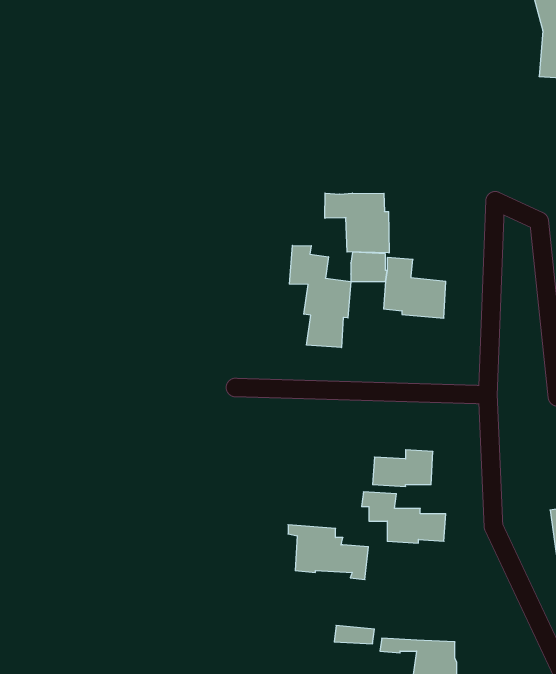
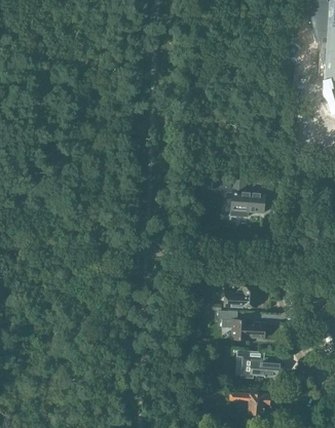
building: [325,193,389,253] -> none
building: [289,245,351,348] -> none
building: [288,525,368,580] -> [237,352,283,383]

